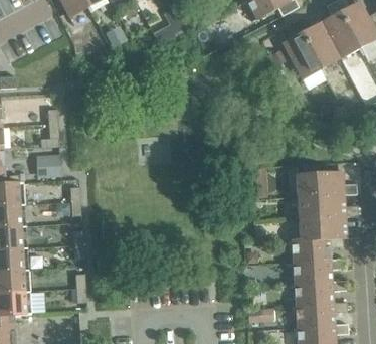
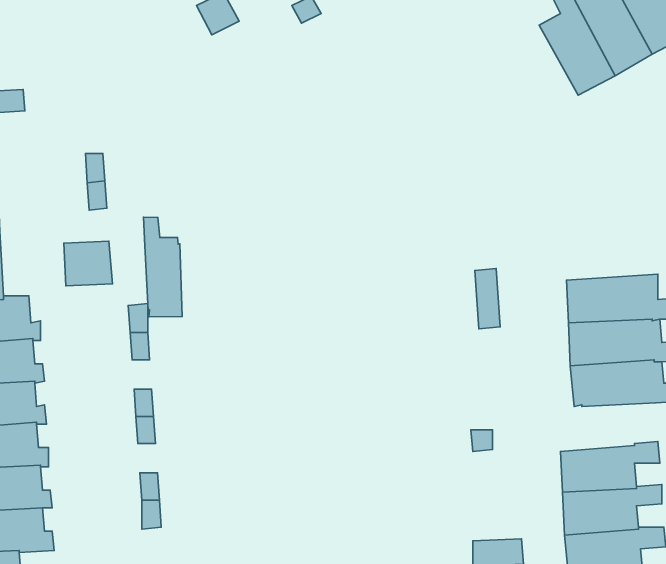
building: none -> [144,217,182,317]
building: [291,238,343,264] -> none

